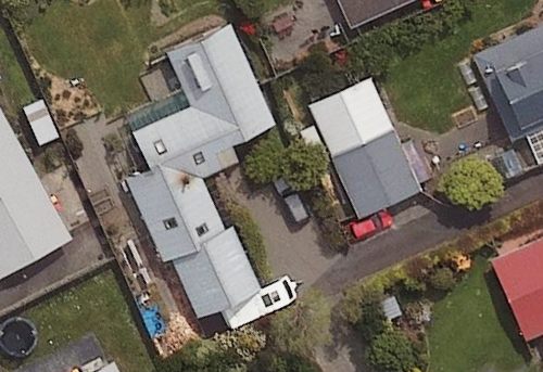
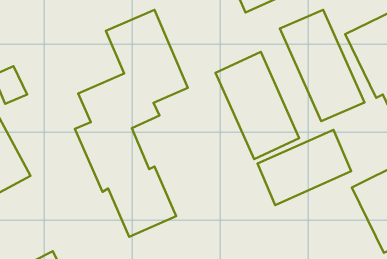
building: none -> [280,10,364,121]
building: none -> [257,130,351,205]

